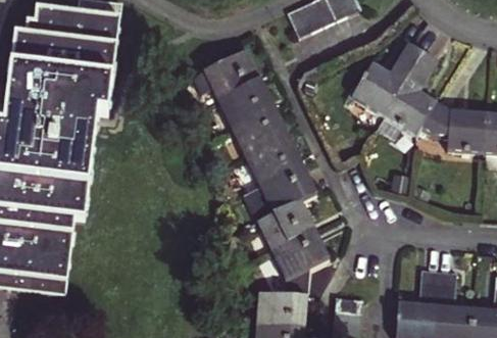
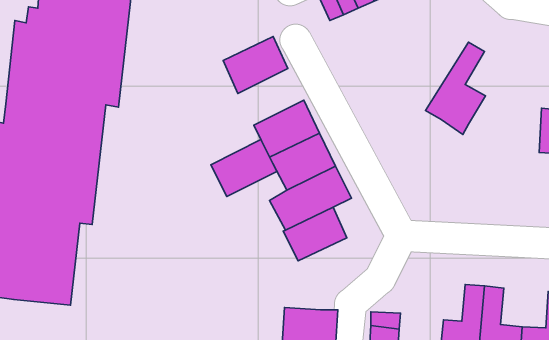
building: [353,45,423,115] -> none
building: [215,78,275,129] -> [211,140,277,197]
building: [423,102,488,153] -> none
building: [269,230,328,294] -> none

